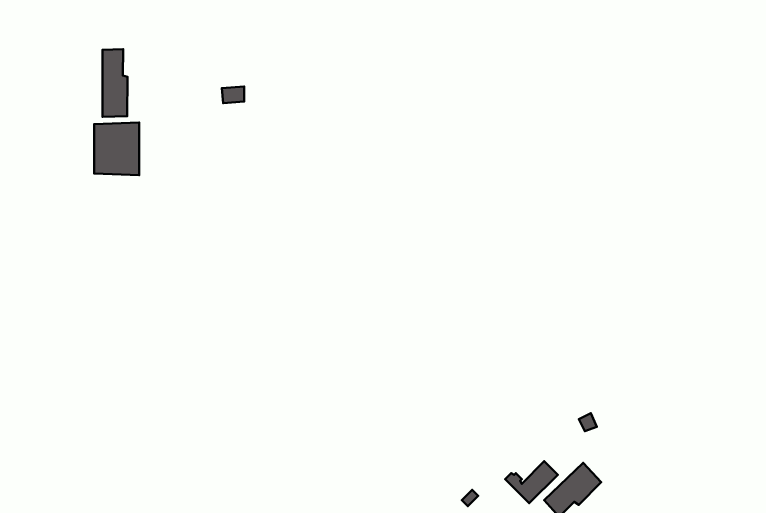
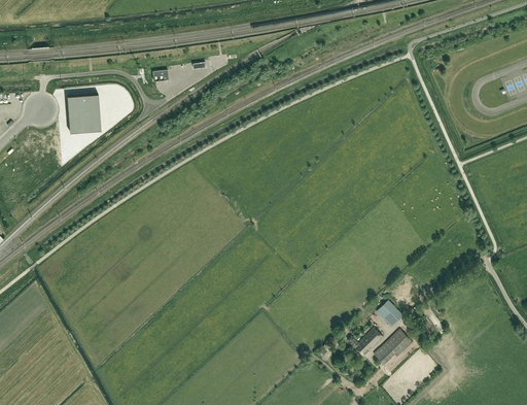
building: [103,49,128,117] -> none
building: none -> [376,300,405,329]

